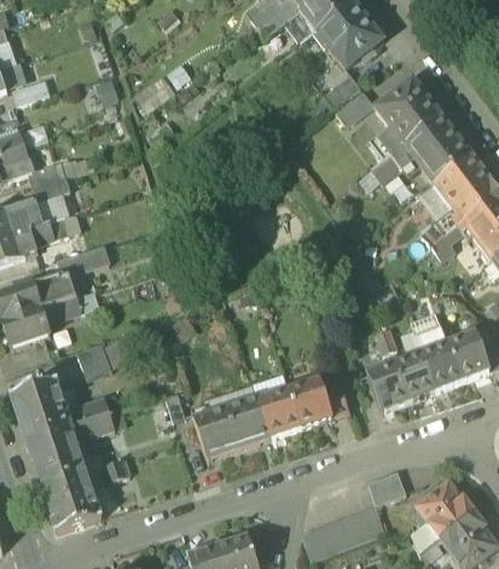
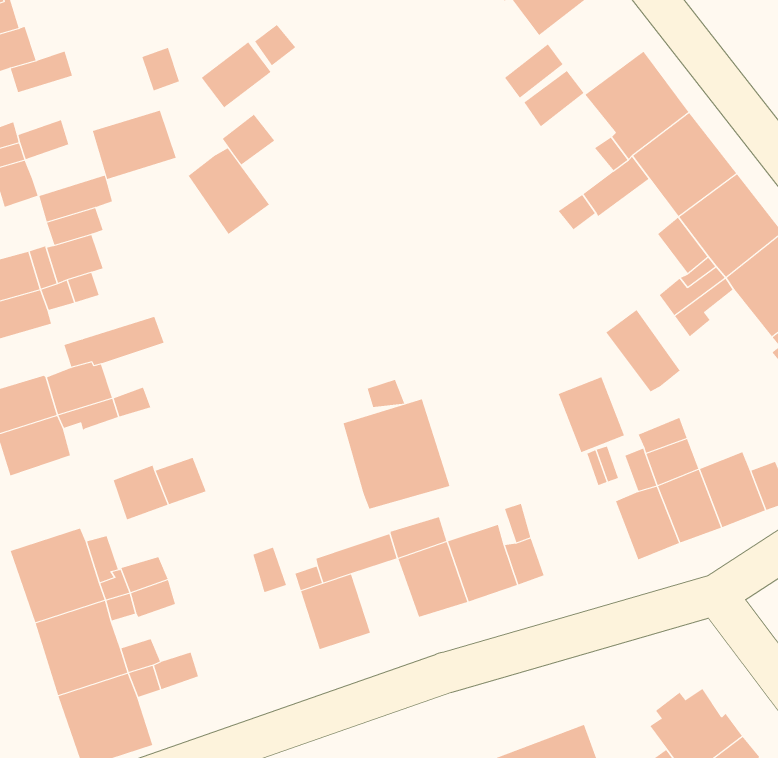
building: none -> [92,110,177,180]
building: none -> [188,147,270,235]
building: none -> [606,309,680,392]
building: none -> [343,399,450,510]
building: [366,364,408,412] -> [558,377,625,453]
building: [227,400,269,447] -> none
building: [367,471,405,505] -> none

